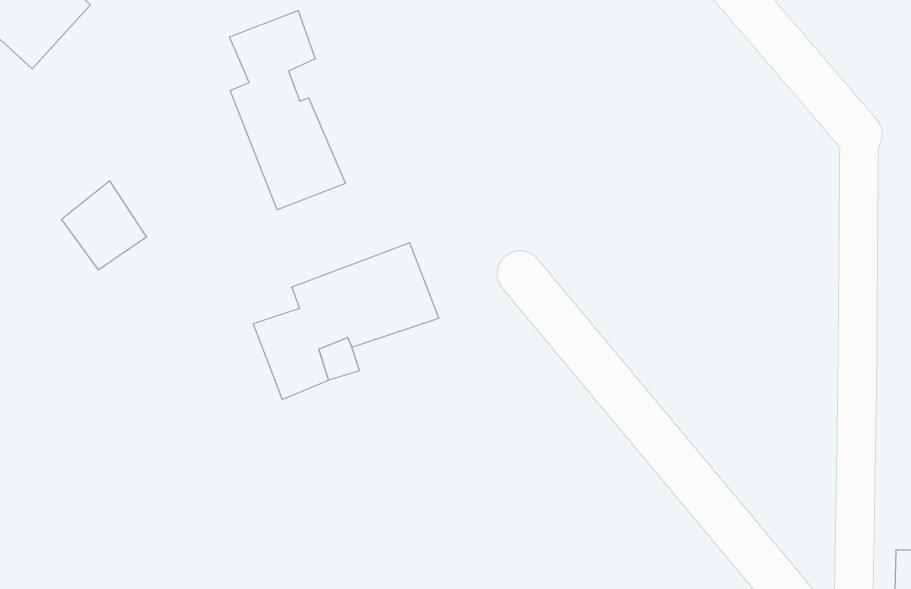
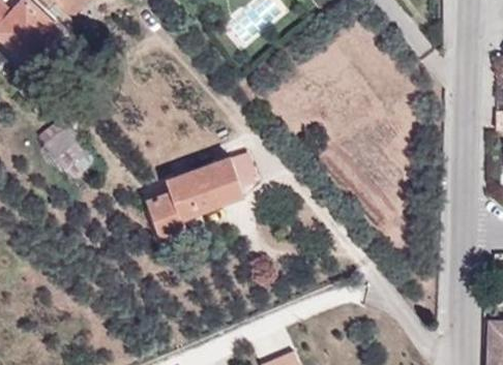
building: [230,11,346,210] -> none

